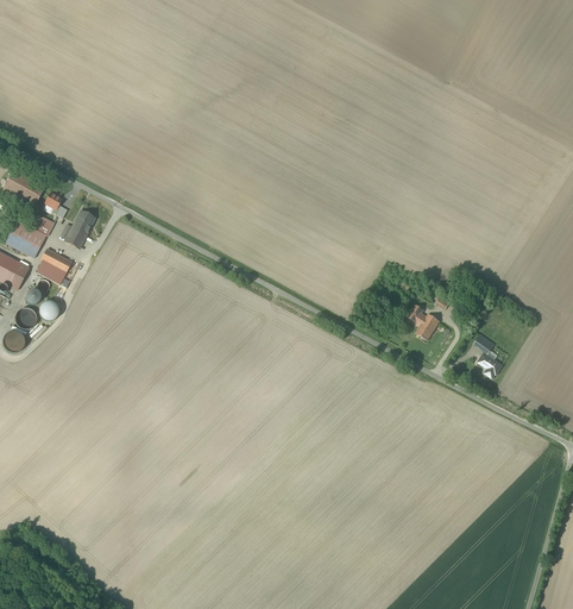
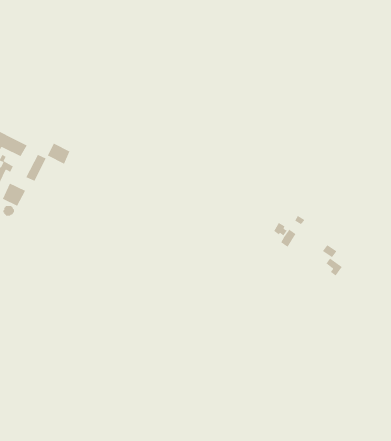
building: none -> [47,143,71,165]

